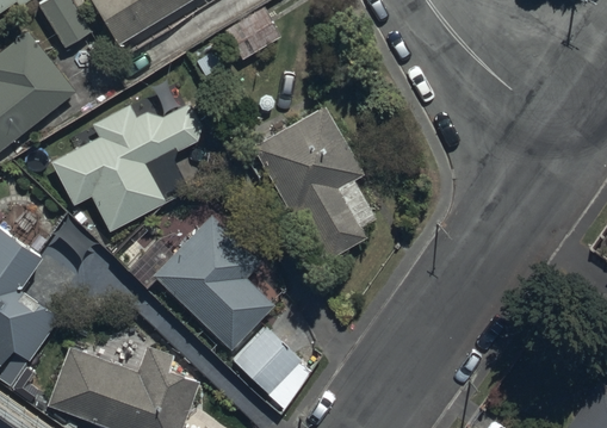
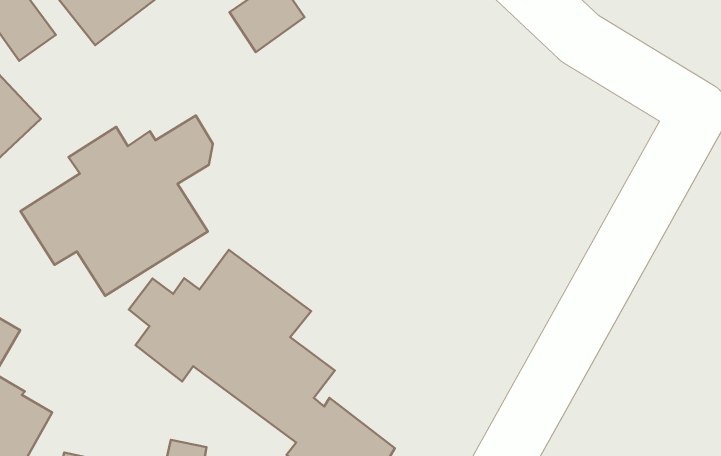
building: [250,104,376,266] -> none

